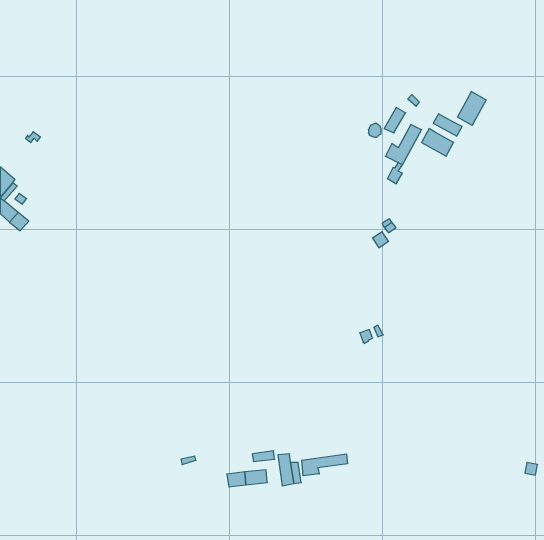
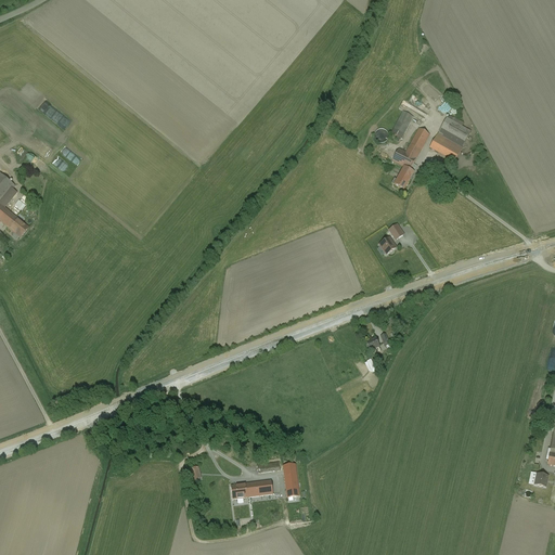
building: [457,91,486,125] -> none
building: [302,454,347,476] -> none

